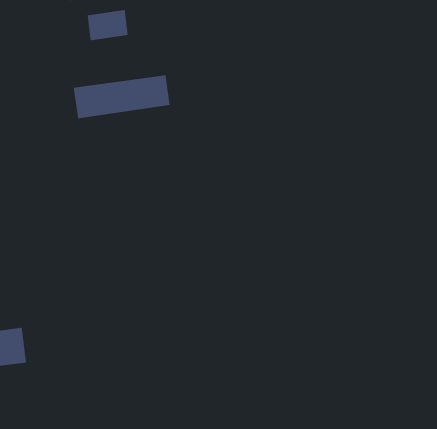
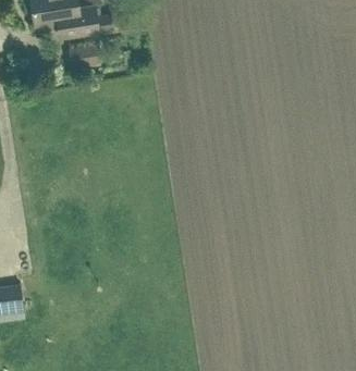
building: [73,75,170,119] -> none

